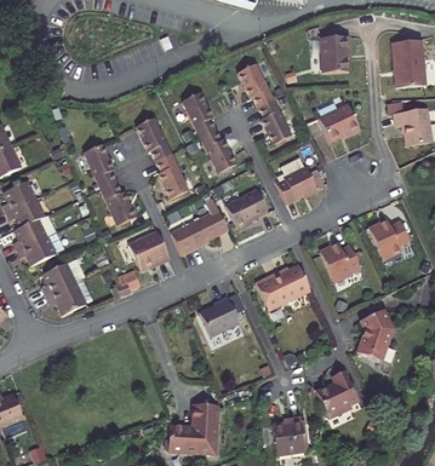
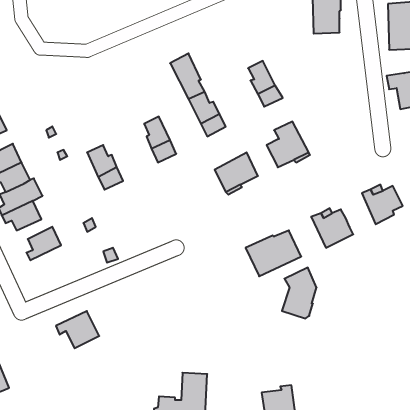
building: [237,63,273,105] -> none
building: [319,103,360,140] -> none
building: [136,116,171,160] -> none
building: [84,143,116,188] -> none
building: [173,197,229,253] -> none
building: [128,230,170,269] -> none
building: [45,278,87,315] -> [56,311,99,348]
building: [199,292,239,332] -> none
building: [357,309,391,358] -> [282,268,317,318]
building: [316,372,359,416] -> none

